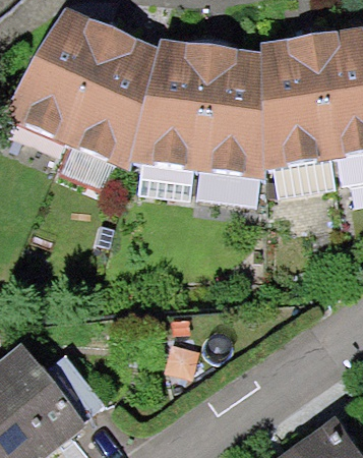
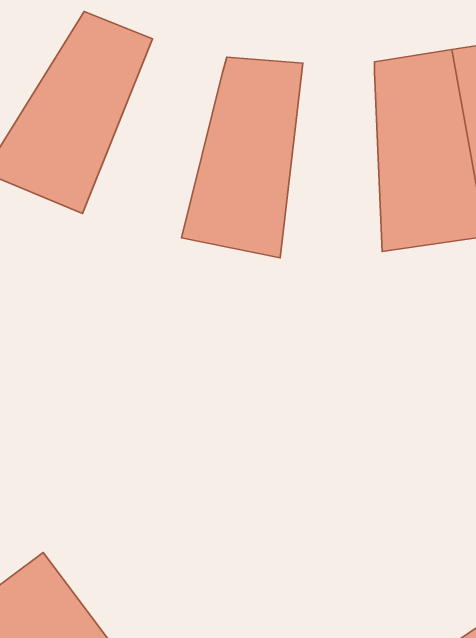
building: [66,27,160,173] -> none
building: [198,44,267,182] -> none

